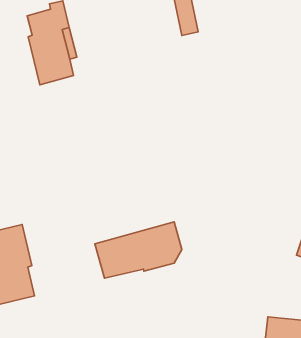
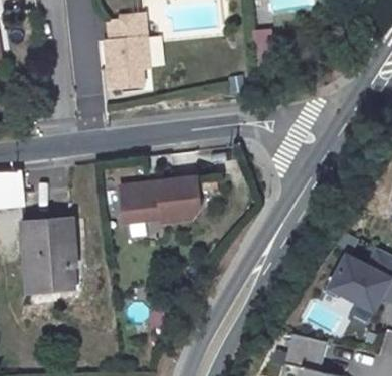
building: [95,222,182,278] -> [120,170,201,214]

